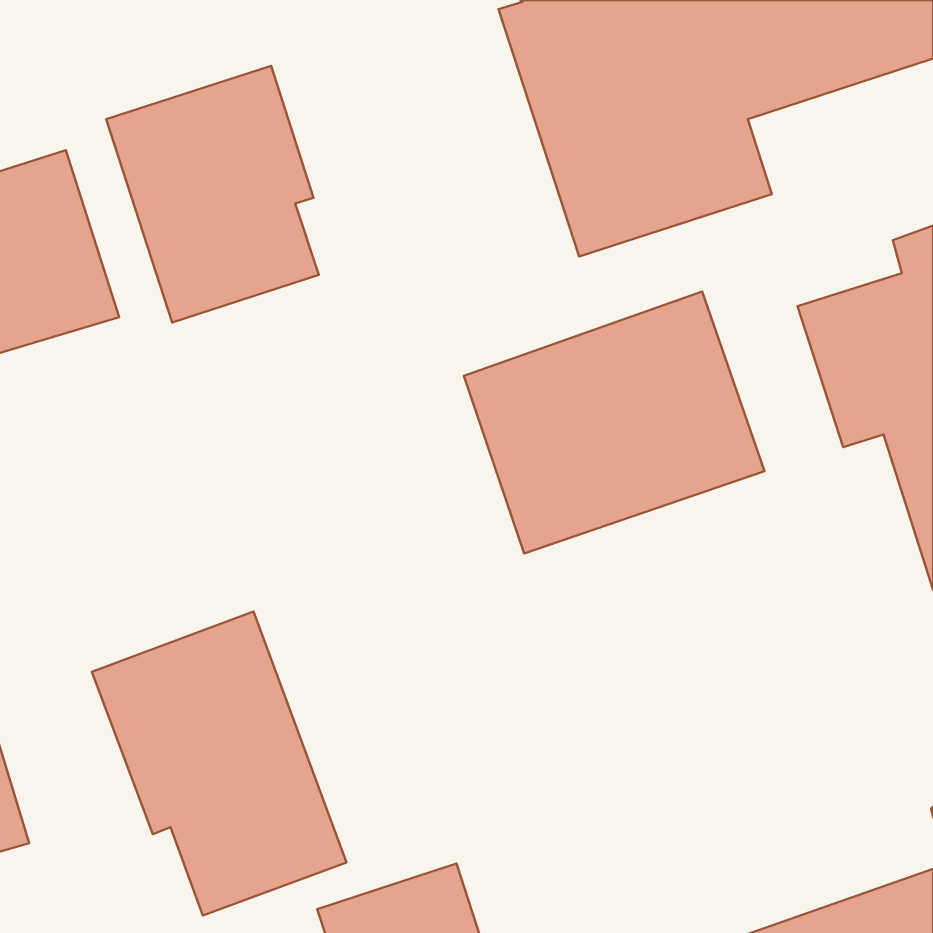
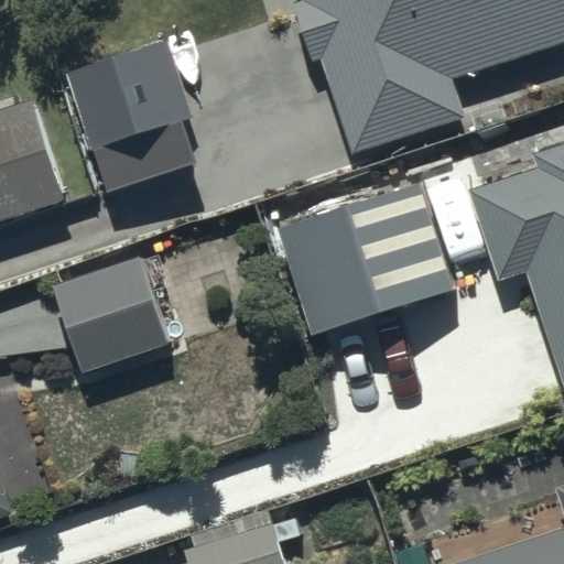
building: none -> [55,247,175,370]
building: [92,612,347,916] -> none

